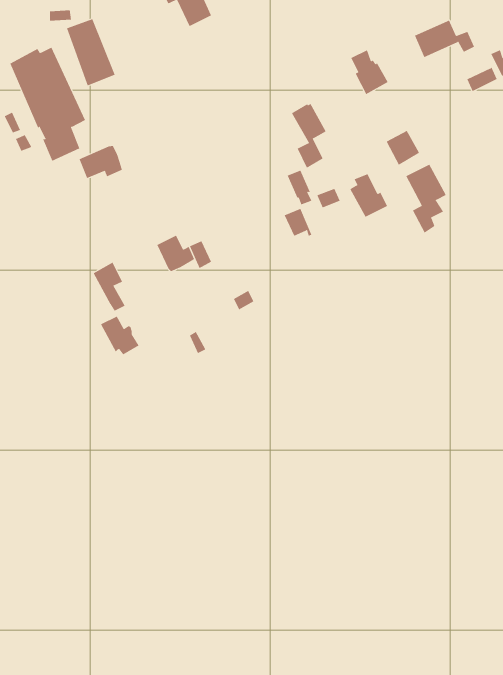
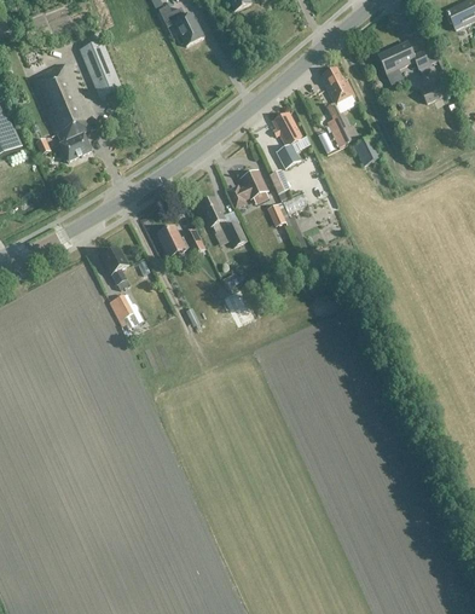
building: [79,145,122,179] -> none
building: [405,164,446,233] -> none
building: none -> [227,170,268,205]
building: [350,174,388,217] -> [325,108,358,145]
building: none -> [199,196,245,245]

